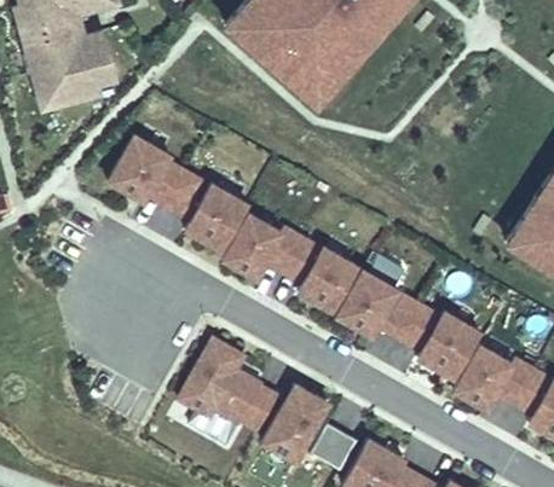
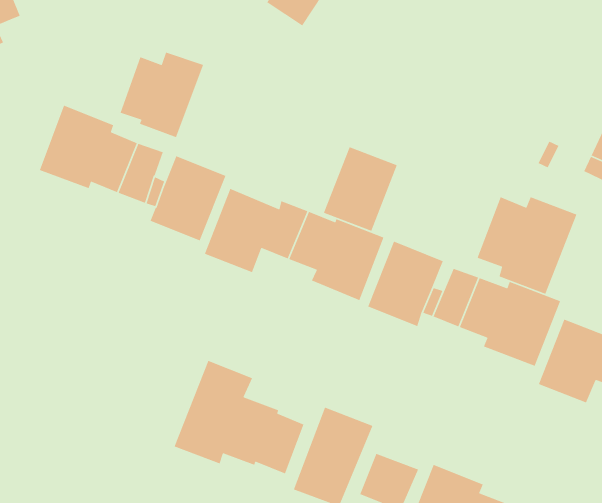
building: none -> [120,52,204,138]
building: none -> [323,146,398,232]
building: none -> [476,196,577,295]

